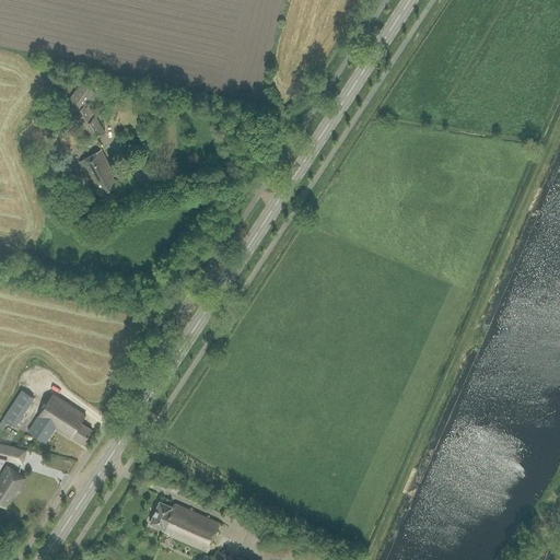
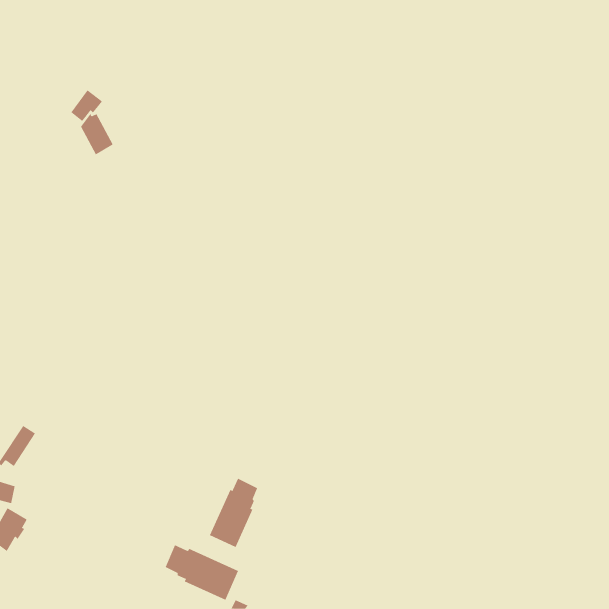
building: [80,149,116,191] -> none
building: [27,394,92,443] -> none
building: none -> [209,478,258,548]

